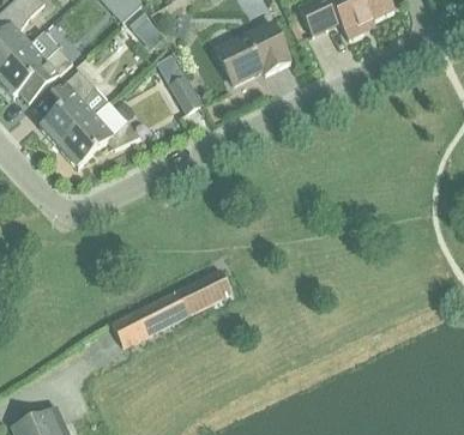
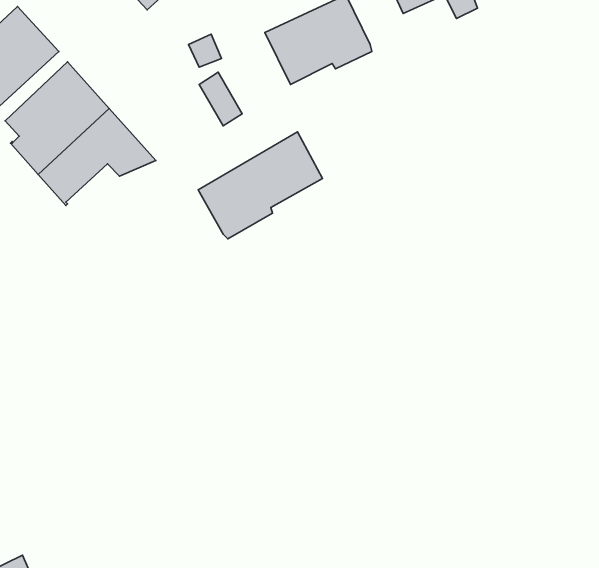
building: none -> [198,132,323,239]
building: [110,268,231,346] -> none

